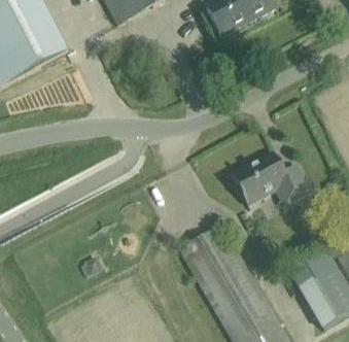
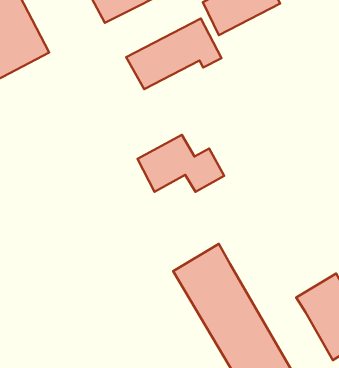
building: none -> [126,18,221,89]
building: [232,151,310,203] -> [137,135,224,192]

